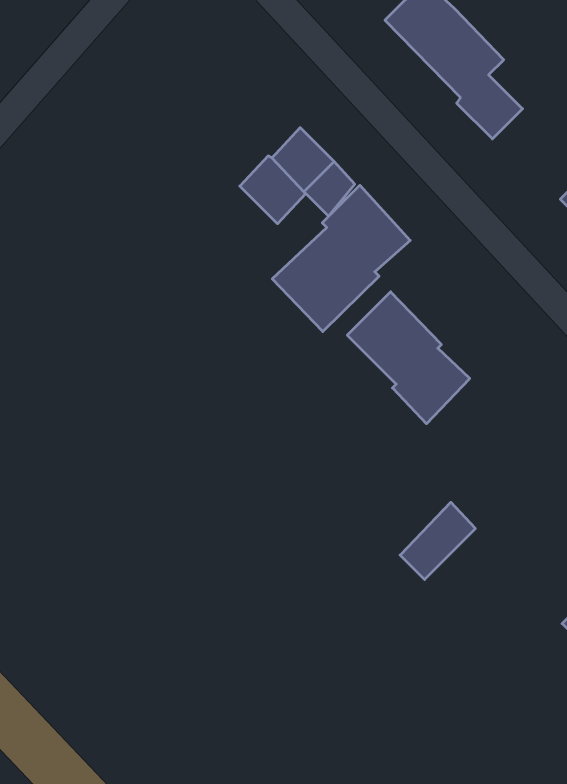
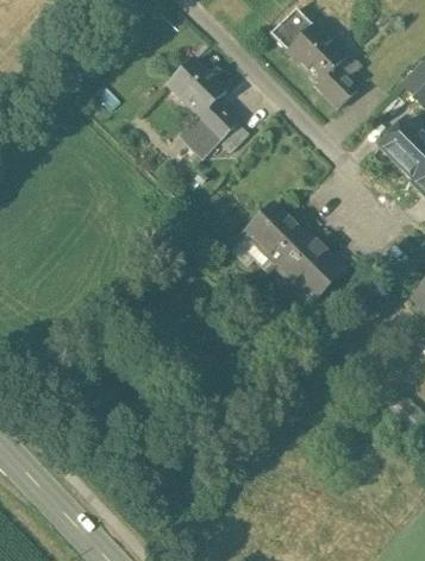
building: none -> [168,58,225,116]
building: [272,185,410,332] -> none
building: [400,502,475,580] -> [295,253,343,302]

